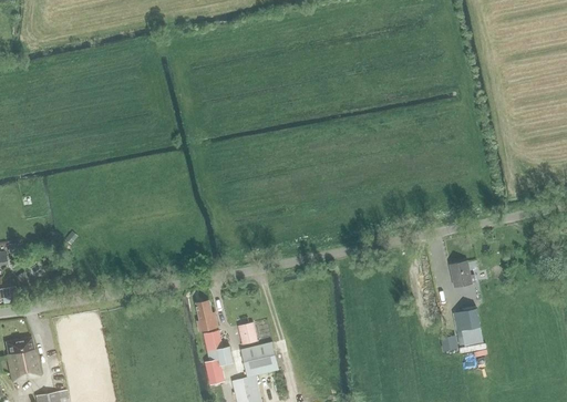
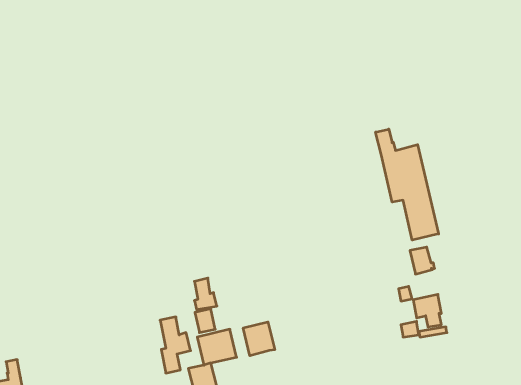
building: none -> [376,129,439,240]
building: [196,299,218,330] -> [194,278,217,310]
building: none -> [243,322,275,356]

